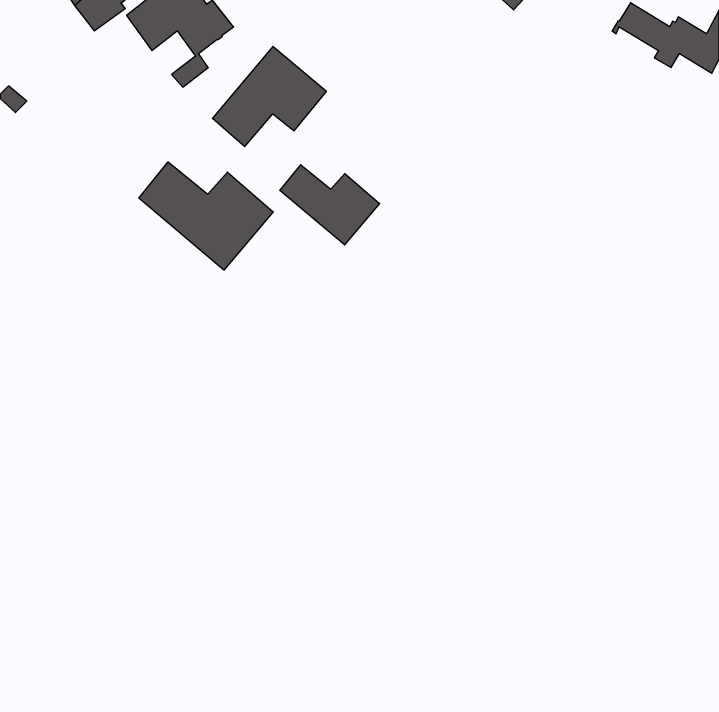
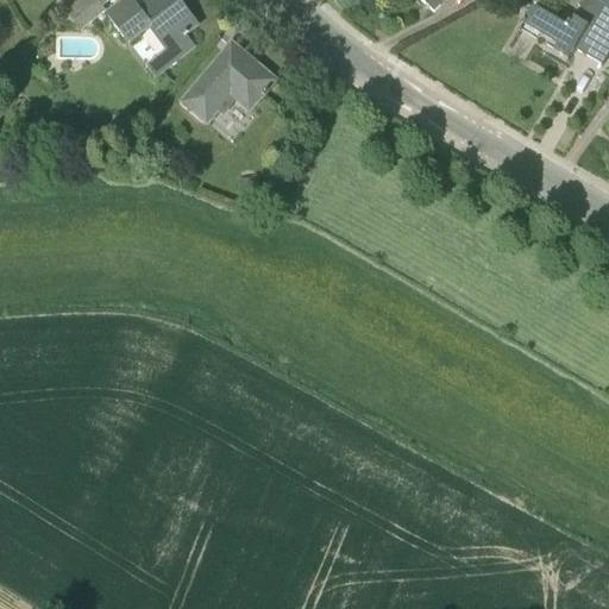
building: [139,162,273,270] -> none
building: [280,165,380,245] -> none

